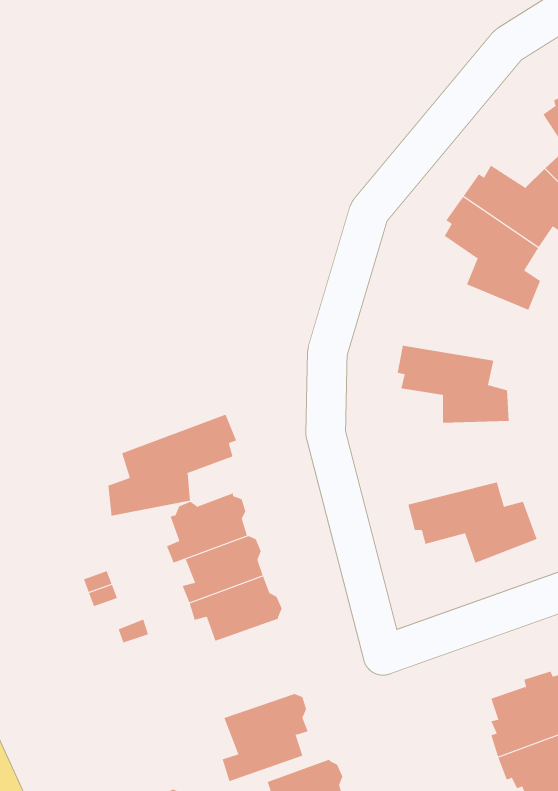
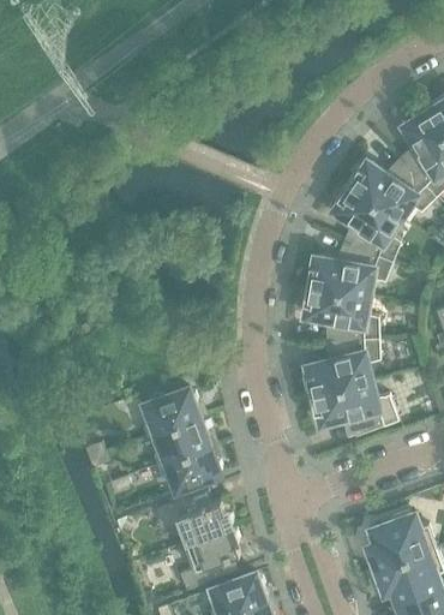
building: none -> [305,244,392,297]
building: [108,414,237,516] -> none
building: none -> [304,339,380,396]
building: none -> [156,489,233,544]

